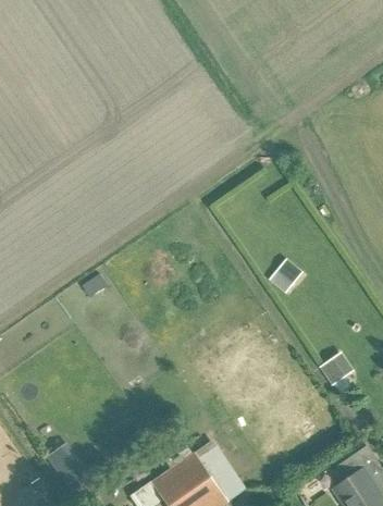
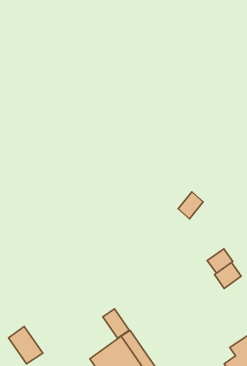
building: none -> [207,249,233,273]
building: none -> [103,309,129,338]

